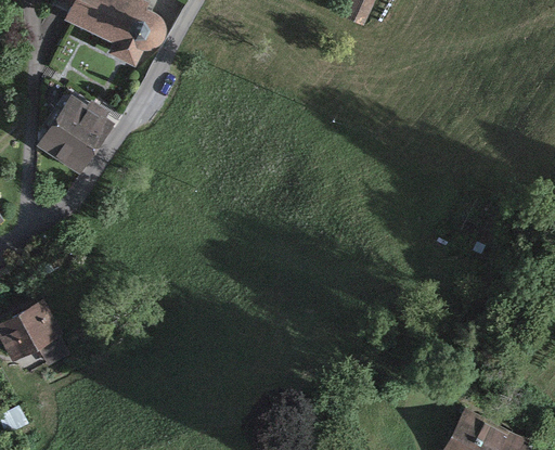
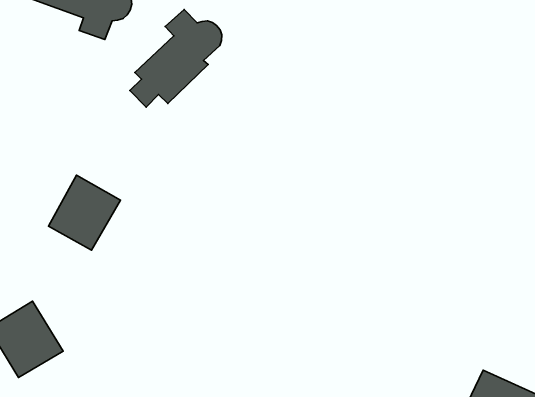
building: none -> [130,10,222,107]
building: [38,92,109,166] -> [49,175,120,250]

